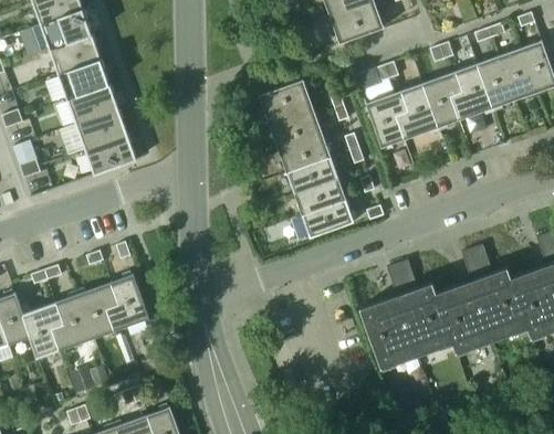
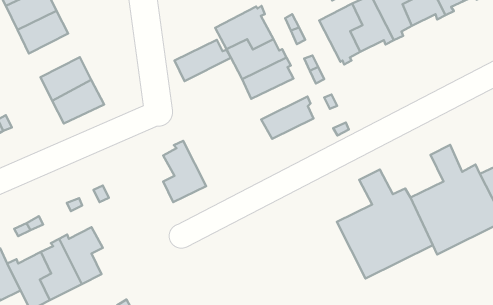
building: [66,84,117,125] -> none
building: [285,157,343,194] -> [174,40,231,81]
building: [302,200,357,237] -> none
building: [105,271,148,331] -> [163,141,206,202]

